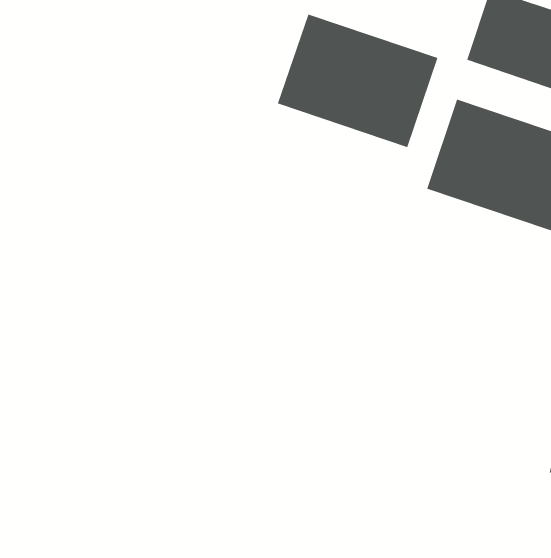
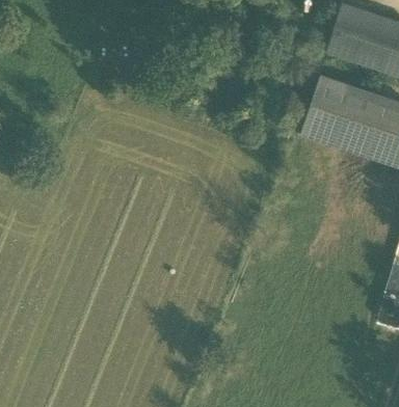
building: [277,14,438,148] -> none

